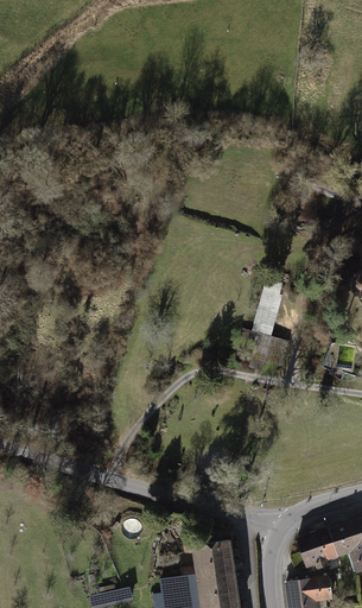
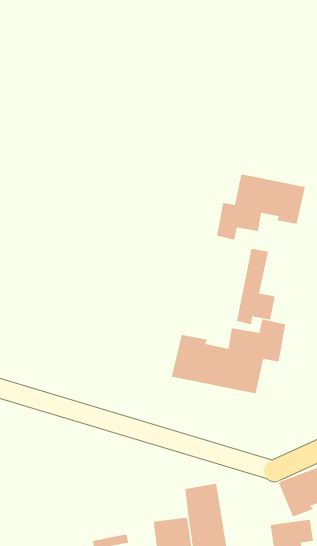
building: none -> [217,174,306,240]
building: none -> [171,319,286,394]

